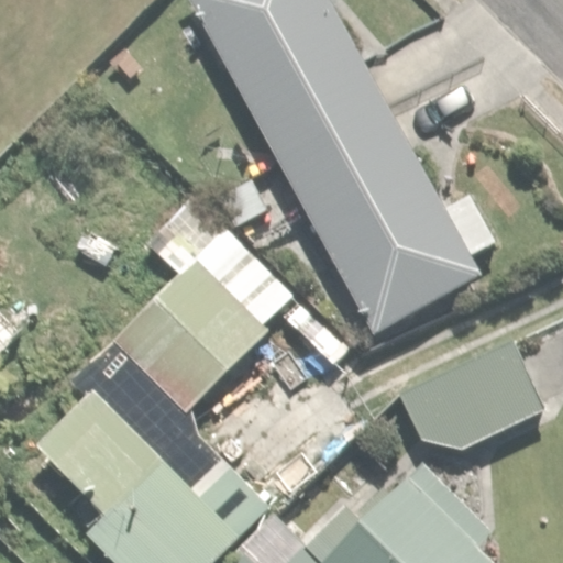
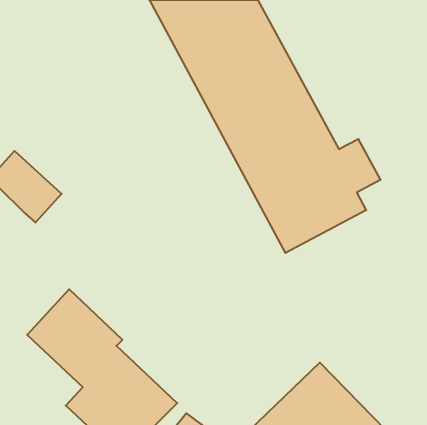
building: [111,216,302,417] -> none
building: [398,340,540,455] -> none

